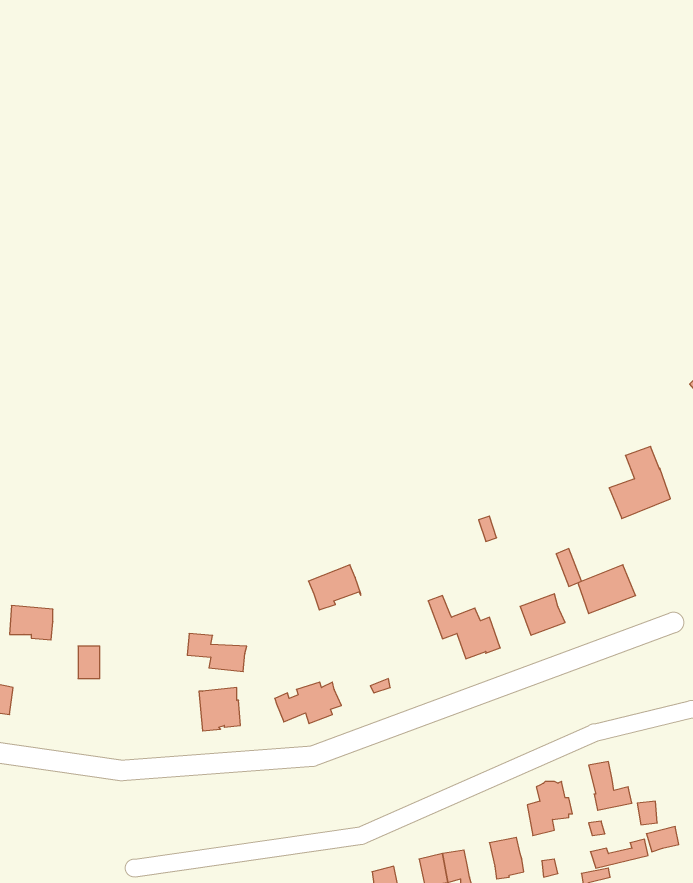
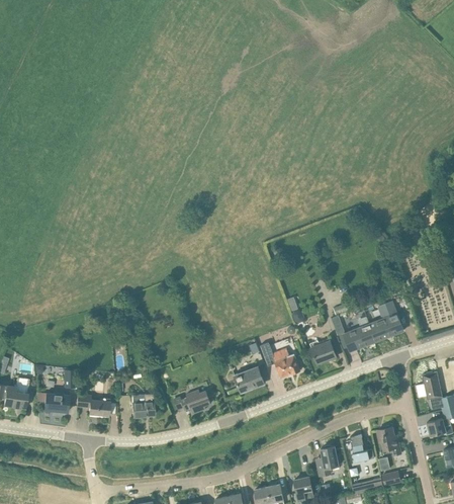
building: [609,446,670,519] -> [369,301,403,341]
building: [308,565,361,610] -> [235,366,264,392]
building: [10,606,53,640] -> [44,393,69,412]
building: [187,634,247,672] -> [77,394,110,415]
building: none -> [377,425,401,454]

